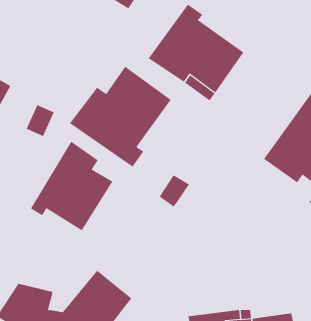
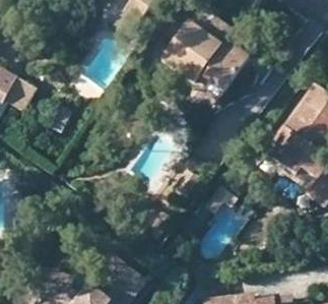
building: [69,66,171,167] -> none
building: [30,141,113,231] -> none

